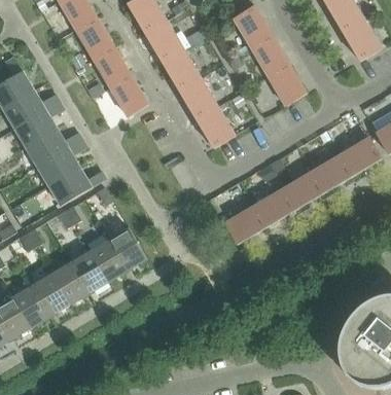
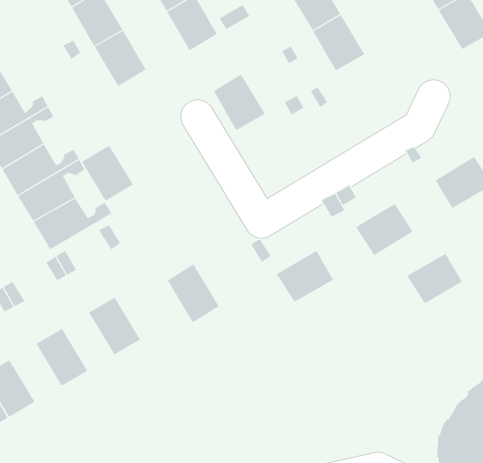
building: [162,49,200,91] -> none
building: [268,64,307,105] -> none
building: [110,75,148,116] -> [81,145,134,202]
building: [196,107,234,148] -> none
building: [311,155,352,192] -> [406,253,463,304]
building: [254,189,295,227] -> none
building: [108,227,146,271] -> [167,263,220,323]
building: [70,251,107,293] -> none
building: [32,274,69,316] -> none

